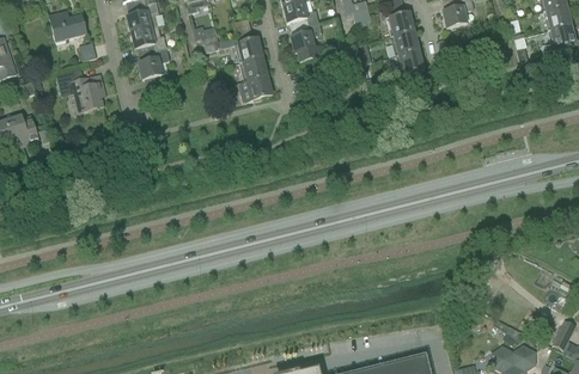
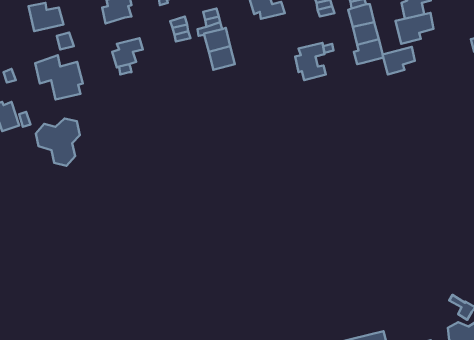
building: none -> [396,13,434,44]
building: [291,22,323,61] -> [295,43,326,80]
building: [130,25,166,54] -> none
building: none -> [383,47,415,74]
building: [238,75,273,102] -> none
building: none -> [36,119,80,166]

